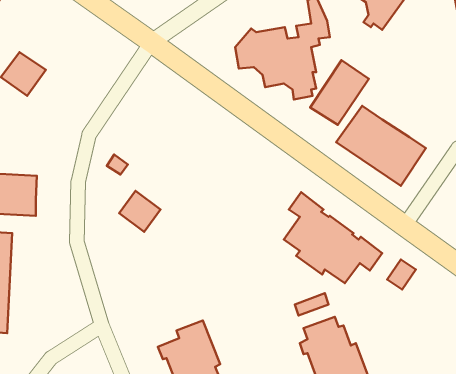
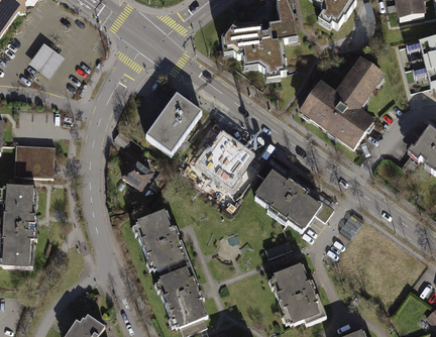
building: [310,60,369,125] -> [335,60,383,112]
building: none -> [142,88,198,148]
building: none -> [197,133,249,185]
building: none -> [131,211,190,268]

